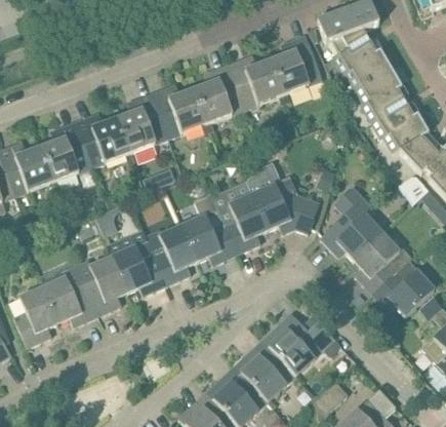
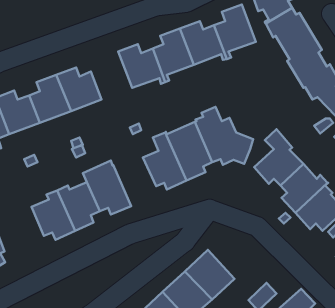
building: [118,92,169,152] -> none
building: [146,224,199,284] -> none
building: [14,285,59,347] -> none
building: [263,313,341,375] -> none

